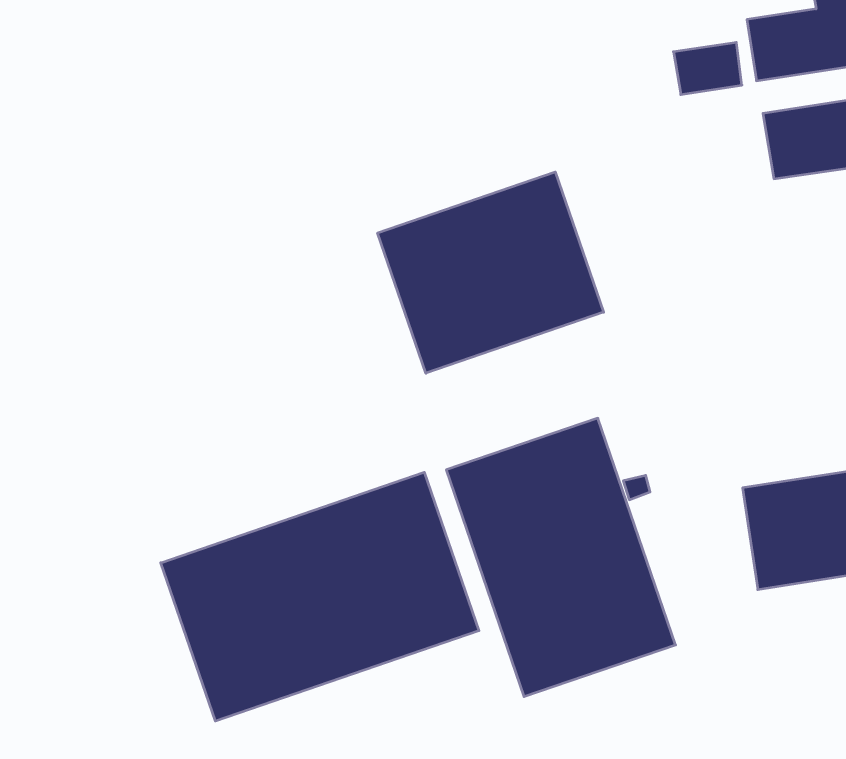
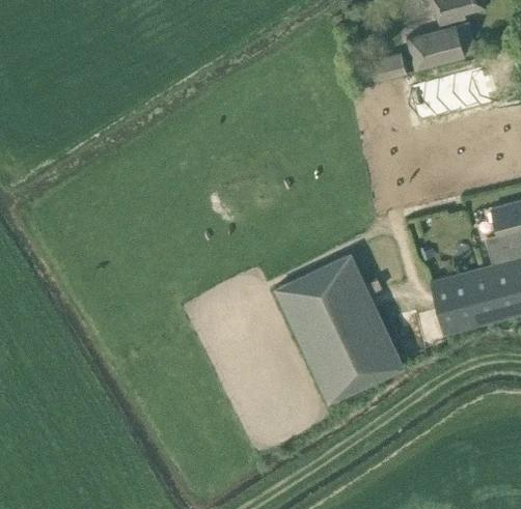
building: [378,172,604,373] -> none
building: [161,472,479,721] -> none

